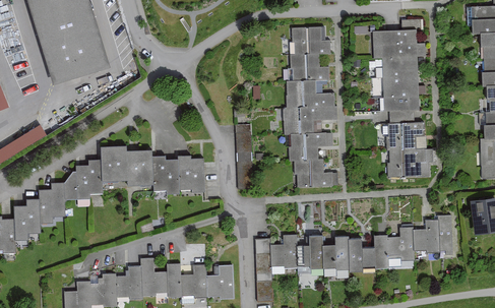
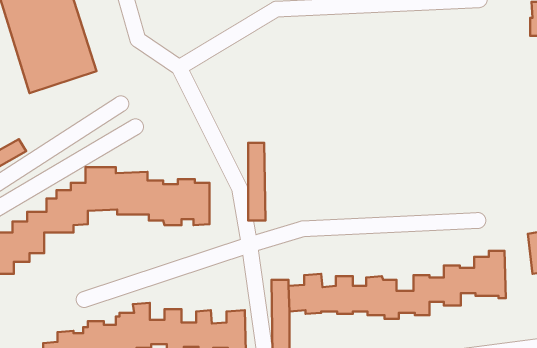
building: [372,20,425,178] -> none
building: [283,27,334,188] -> none

